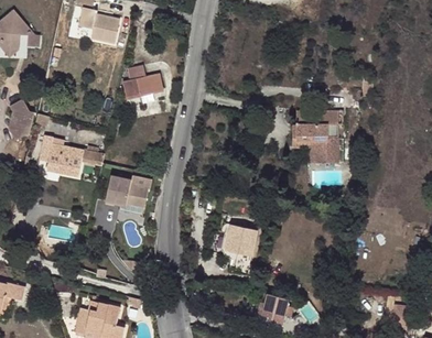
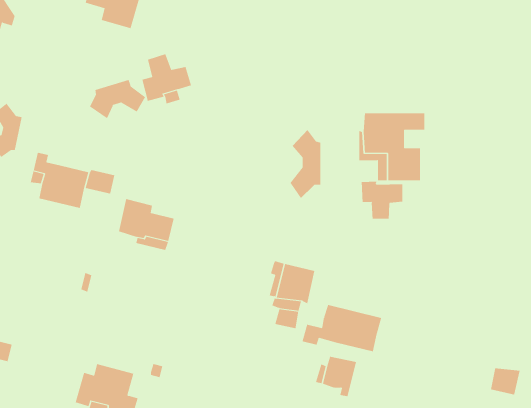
building: none -> [89,79,146,119]
building: none -> [290,129,321,199]
building: none -> [361,181,403,219]
building: none -> [302,304,382,352]

